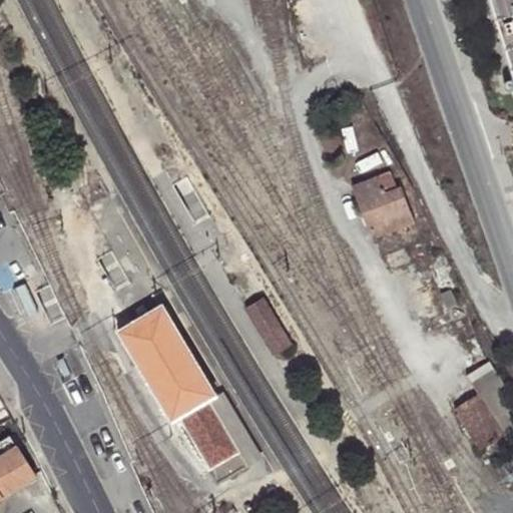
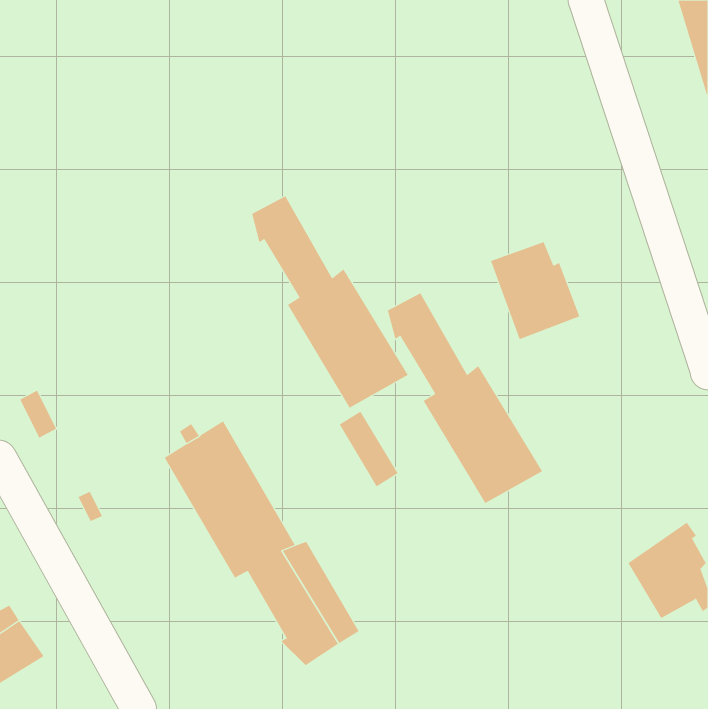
building: none -> [251,195,409,409]
building: none -> [387,292,543,504]

